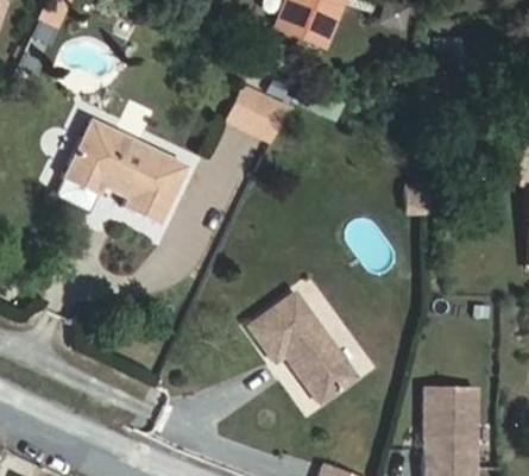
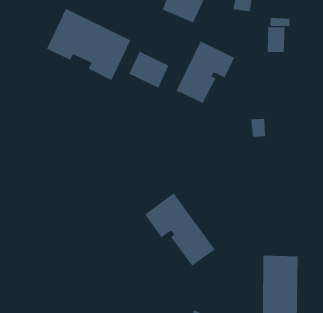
building: none -> [176,41,235,104]
building: [64,118,189,224] -> [46,8,131,81]

